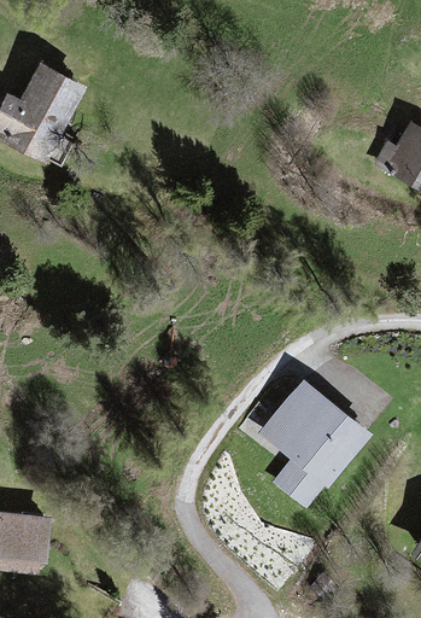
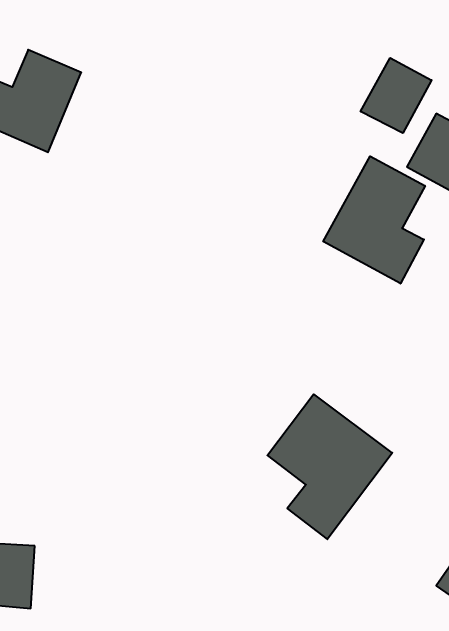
building: none -> [361,58,432,133]
building: none -> [323,156,425,284]

